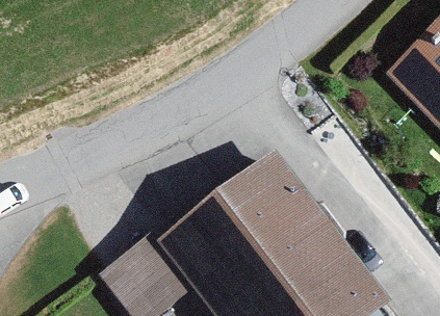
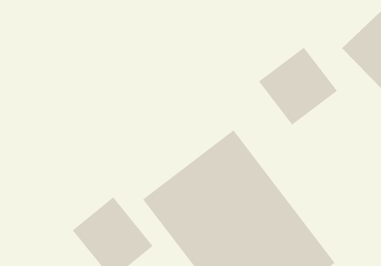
building: none -> [258,47,338,125]

